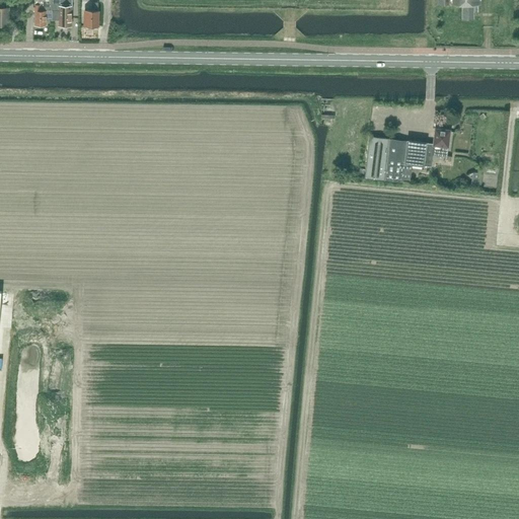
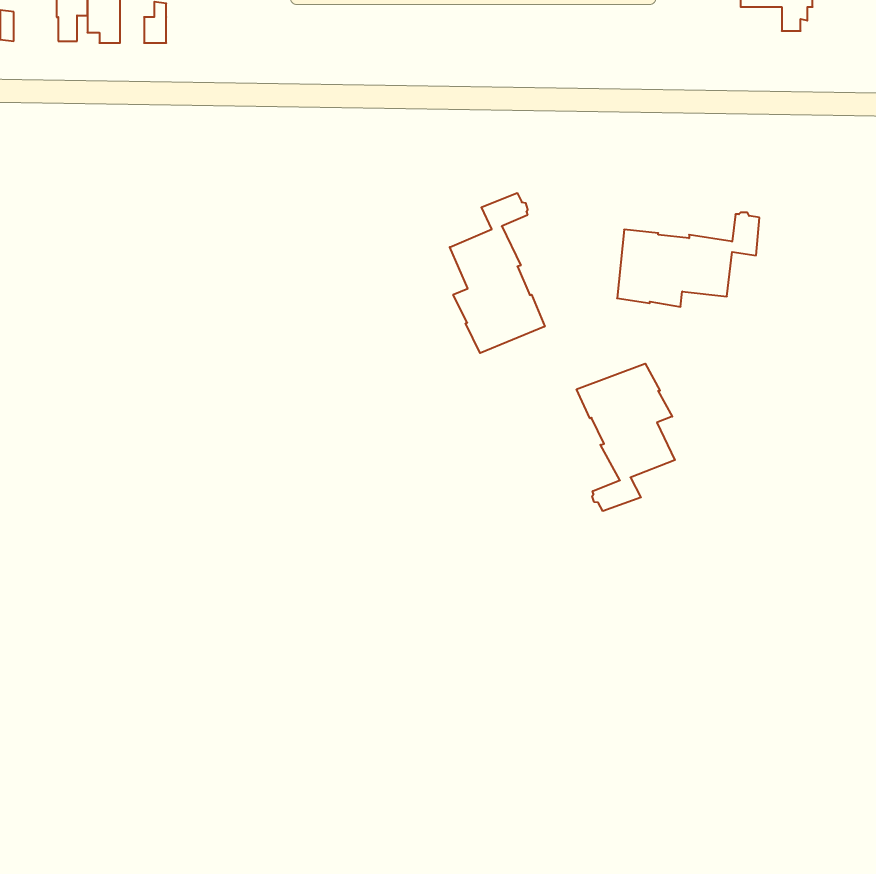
building: none -> [450,193,545,353]
building: none -> [577,364,675,511]

